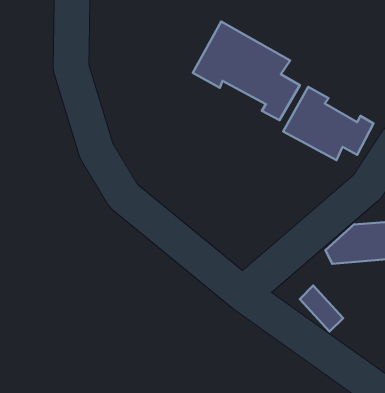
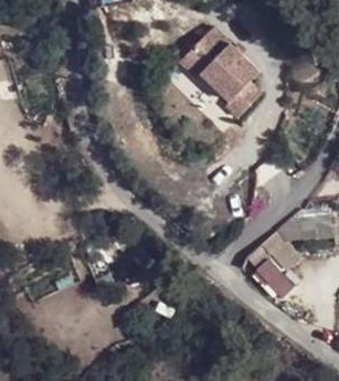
building: [283,87,374,160] -> none

